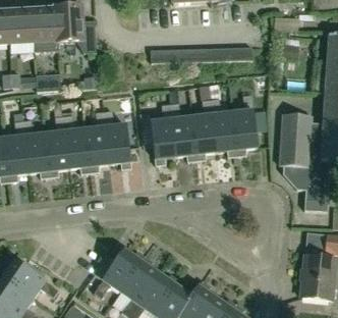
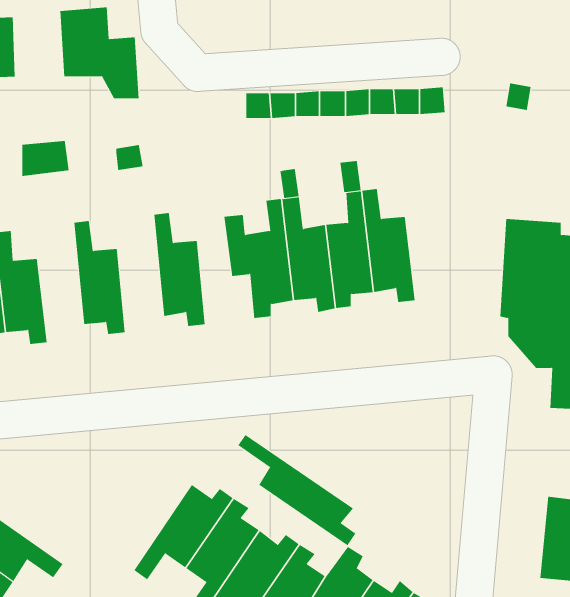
building: [33,7,58,42] -> none
building: [232,94,268,155] -> none
building: [86,111,109,171] -> none
building: [45,115,68,176] -> none
building: none -> [238,434,356,546]

